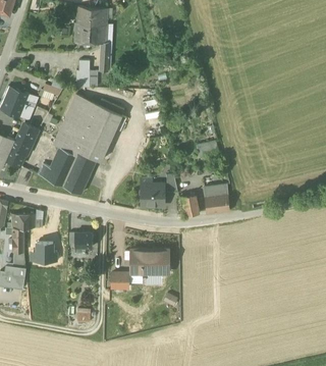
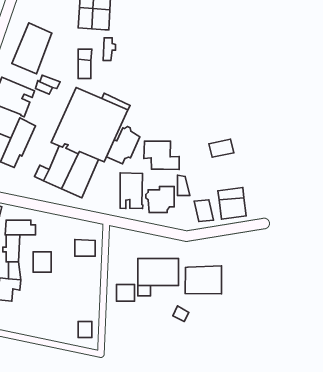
building: none -> [12,23,52,74]
building: none -> [107,127,140,164]
building: none -> [144,141,179,169]
building: none -> [120,173,143,209]
building: none -> [185,266,221,294]

